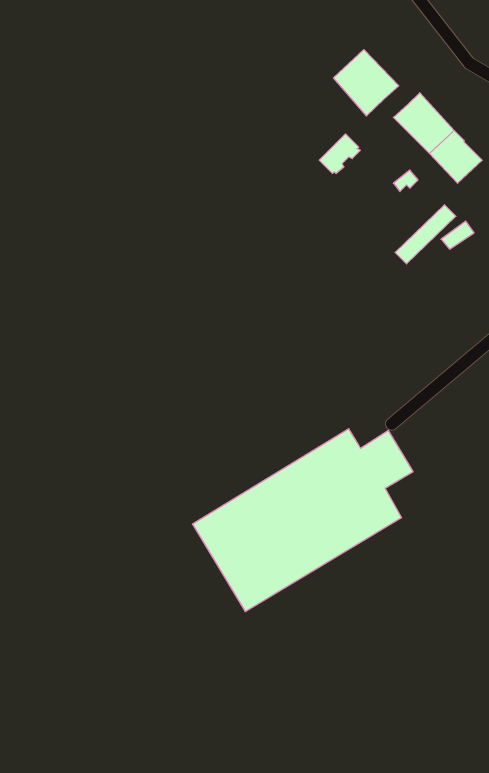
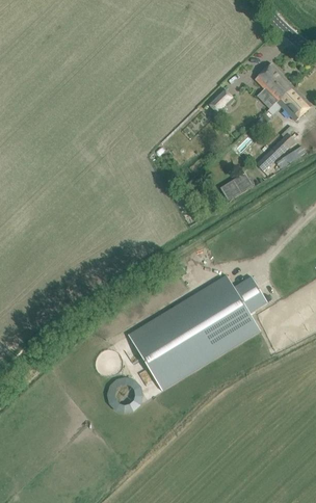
building: [334,50,399,116] -> none
building: none -> [223,171,253,198]

